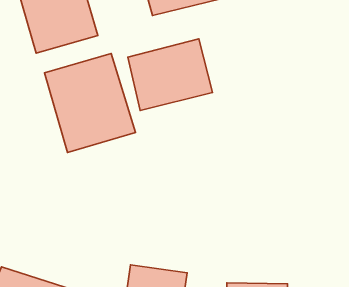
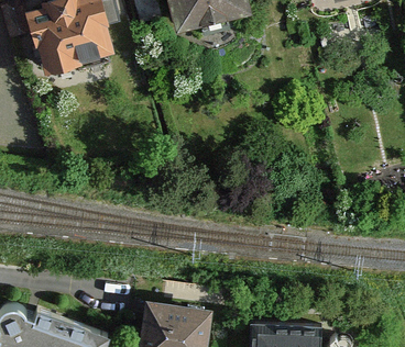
building: [128,39,212,111] -> none
building: [44,53,135,152] -> none

